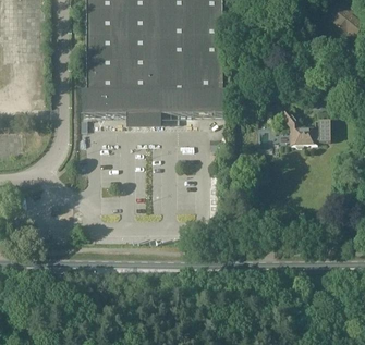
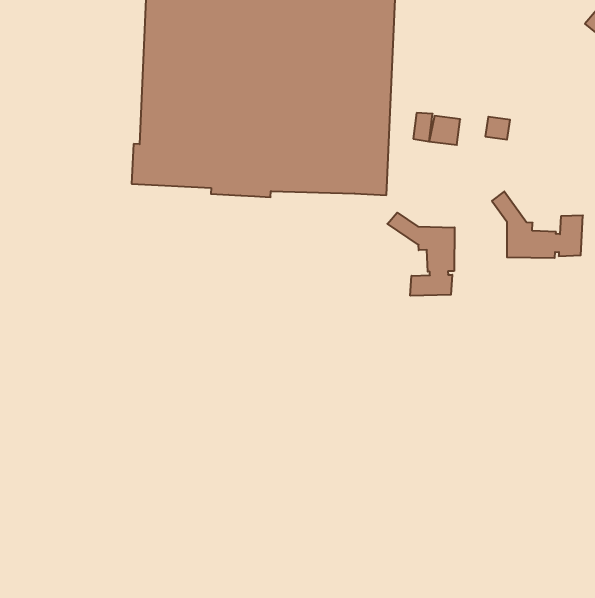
building: none -> [387,213,455,296]

